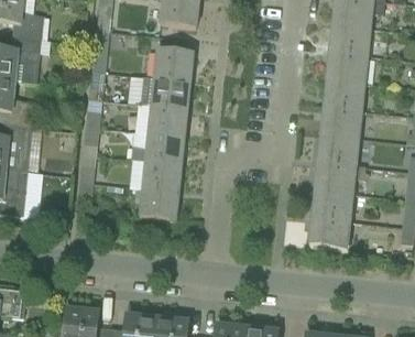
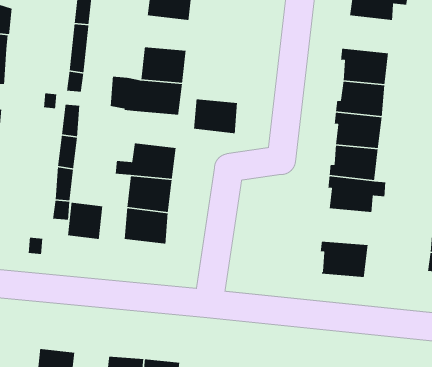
building: [326,21,370,53] -> none
building: [148,104,186,134] -> [193,99,238,134]
building: none -> [67,202,103,240]
building: [308,187,352,218] -> none

